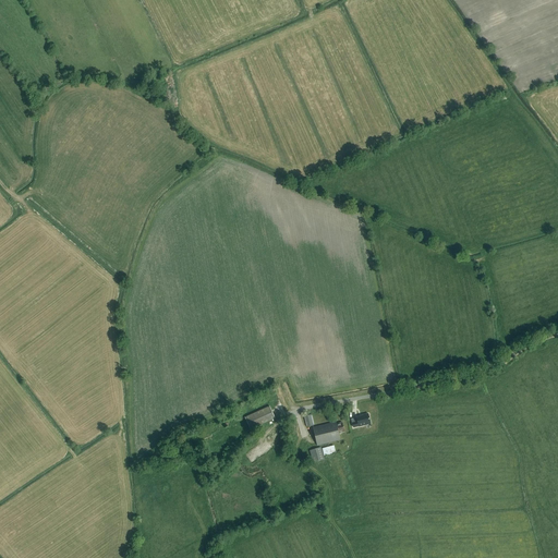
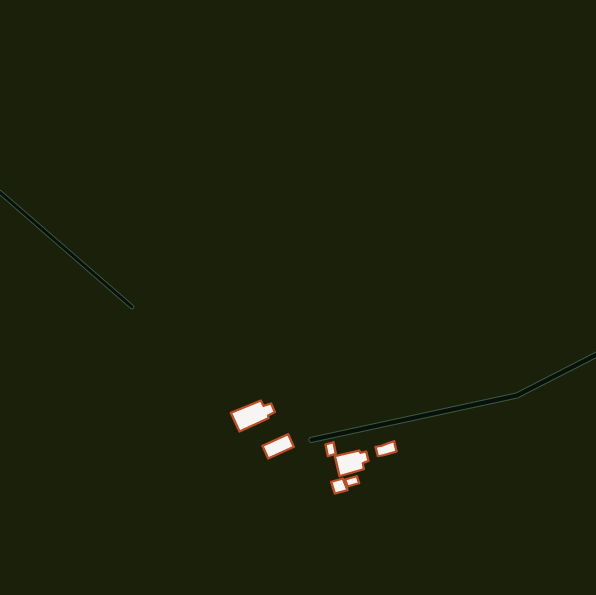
building: none -> [231,401,275,431]

